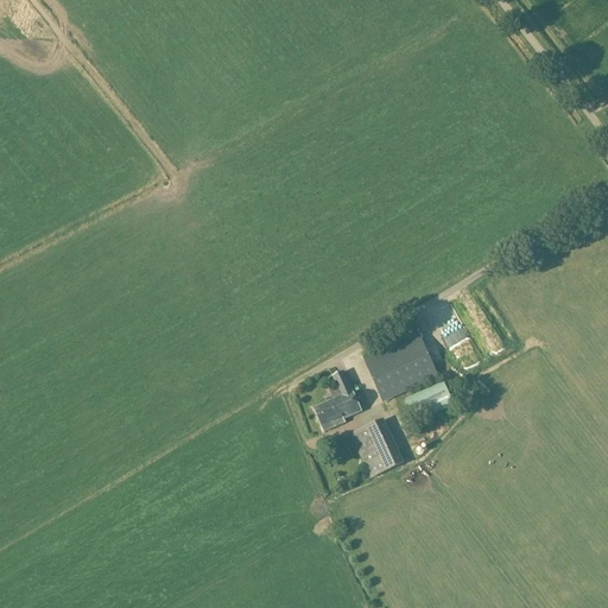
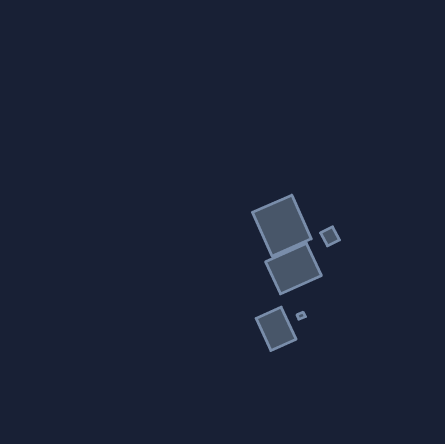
building: none -> [252,195,311,256]
building: [314,369,361,431] -> none

